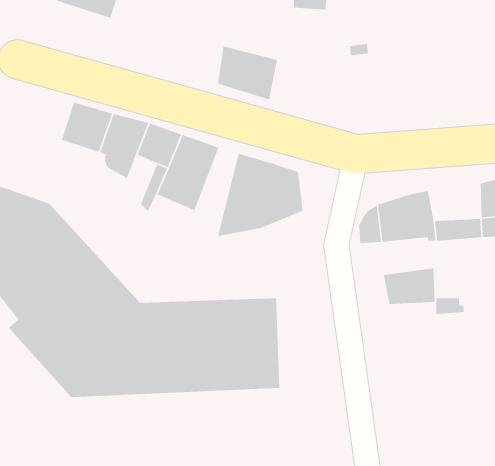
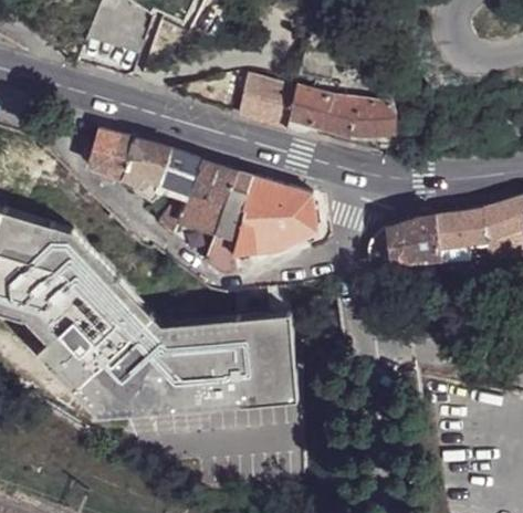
building: none -> [286,87,394,137]
building: none -> [206,172,257,276]
building: [383,268,435,305] -> [437,207,487,242]

